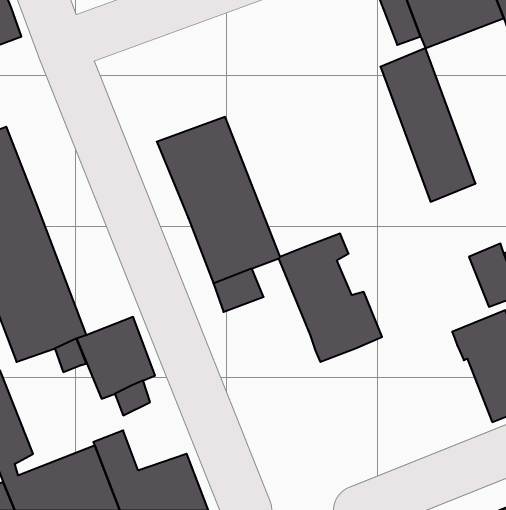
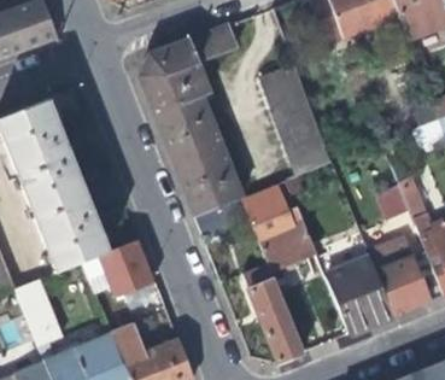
building: none -> [140,24,238,112]
building: [380,48,476,202] -> [263,63,332,174]
building: none -> [327,259,394,334]
building: none -> [245,263,305,362]

